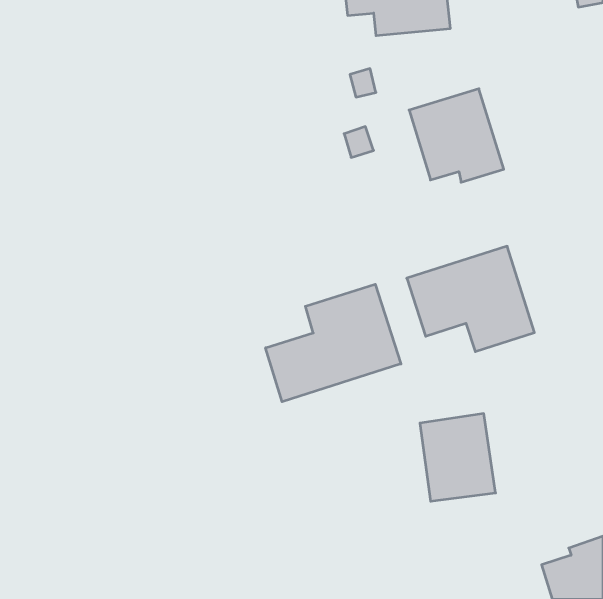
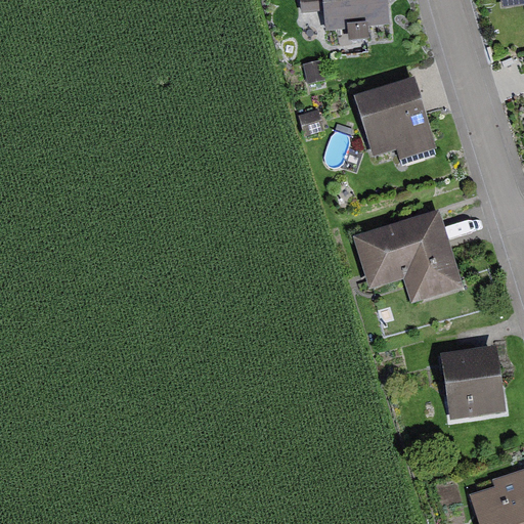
building: [266,284,401,402] -> none
building: [420,414,496,501] -> [441,339,507,414]

